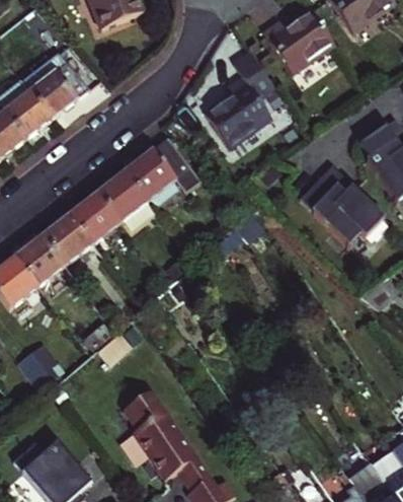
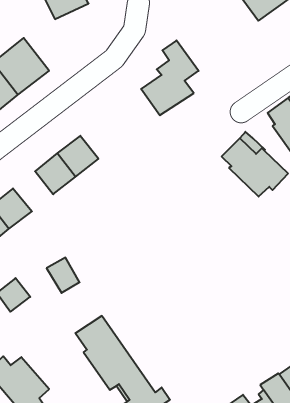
building: [257,8,328,71] -> none
building: [128,138,200,198] -> none
building: [45,213,94,263] -> none

